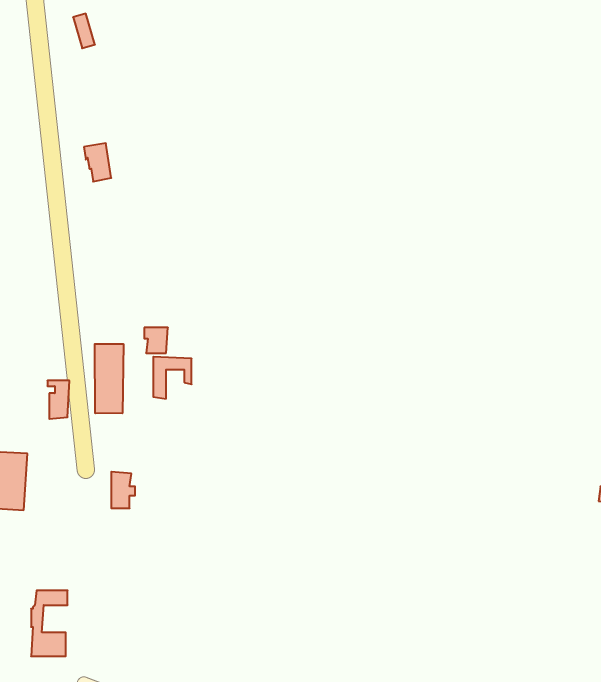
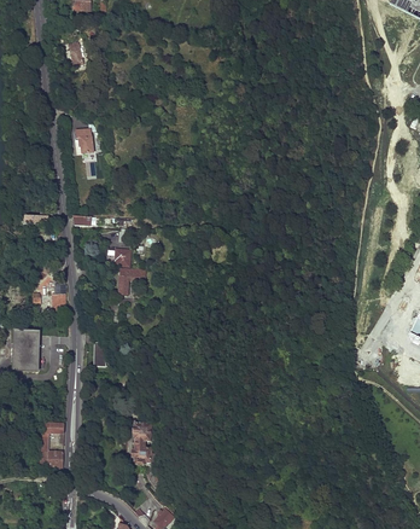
building: [95,344,123,413] -> none
building: none -> [134,420,156,463]

